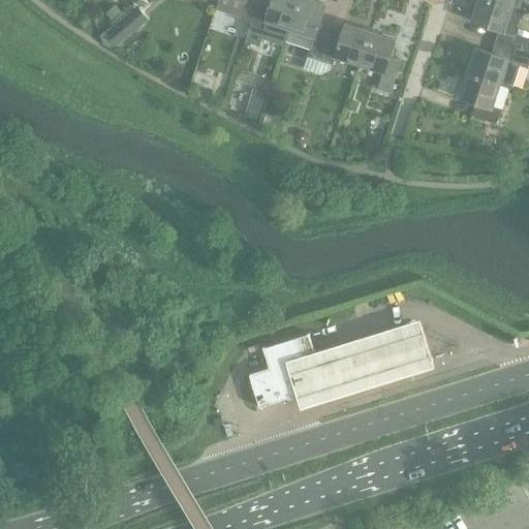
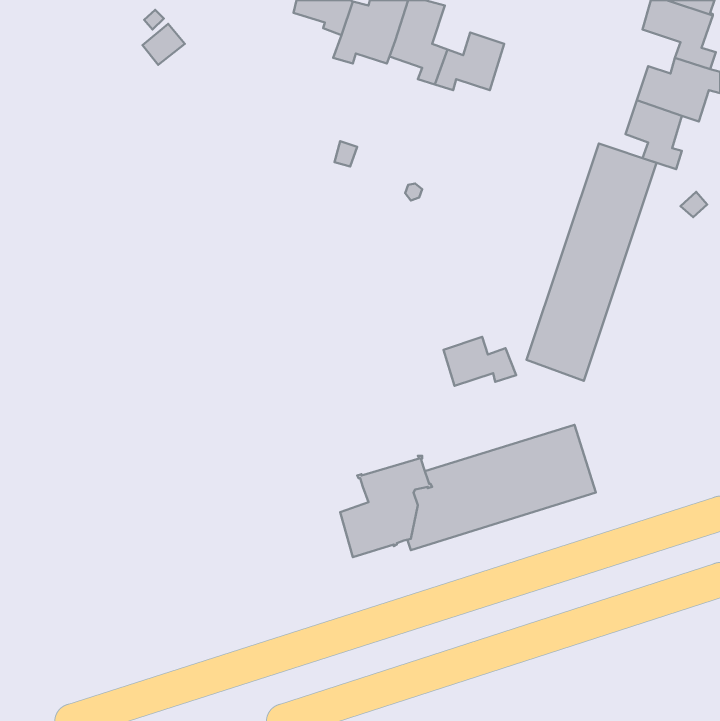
building: [359,32,401,94] -> none
building: none -> [527,144,656,381]
building: none -> [443,337,516,386]

